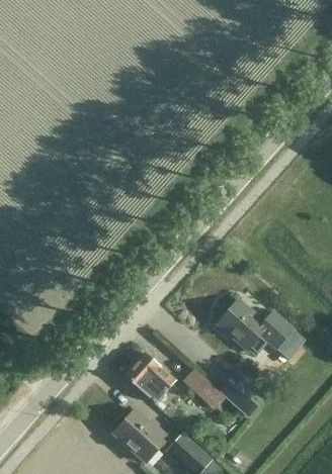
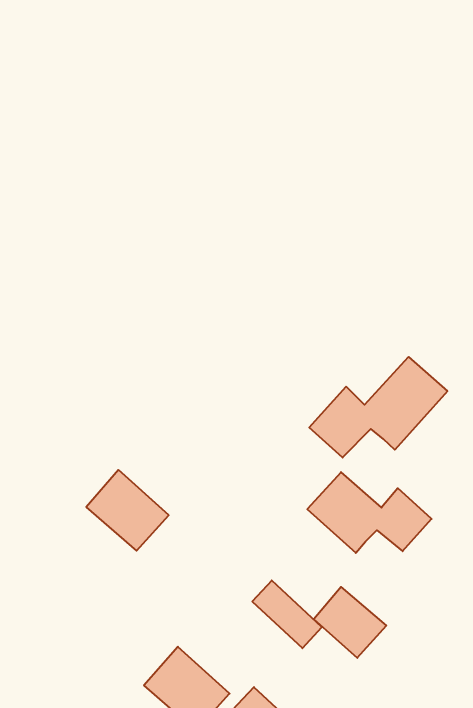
building: none -> [309,357,447,458]
building: [124,353,176,403] -> [86,470,169,551]

